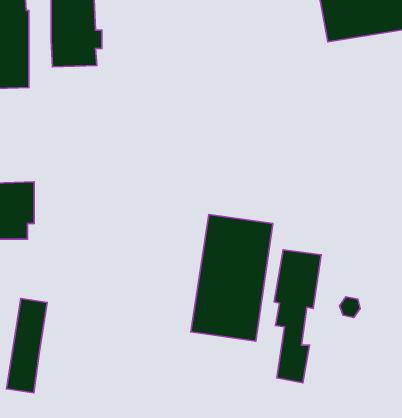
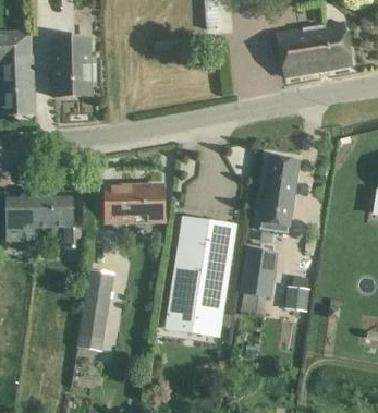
building: none -> [259,157,297,232]
building: none -> [103,185,162,228]
building: none -> [38,192,80,247]
building: [7,299,47,393] -> [78,272,112,351]

